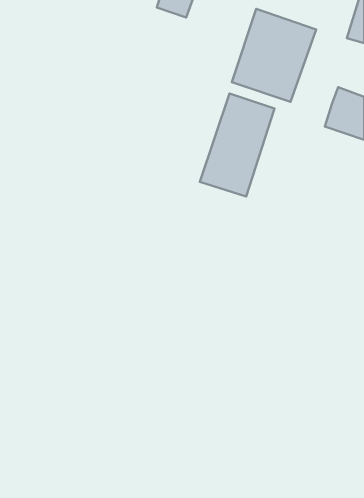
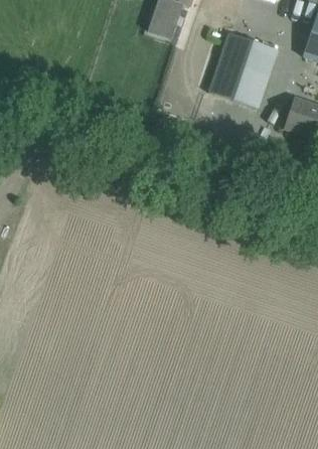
building: [200,93,274,196] -> none

